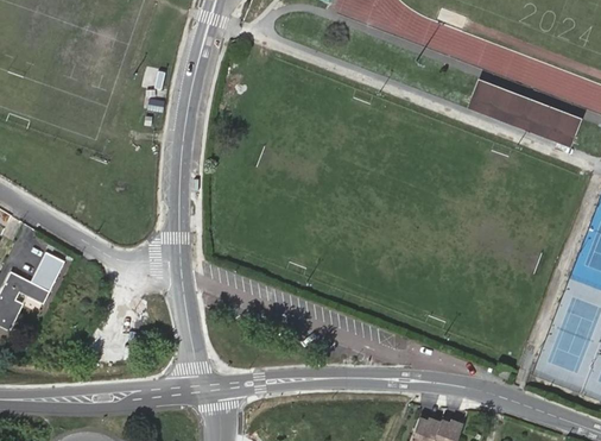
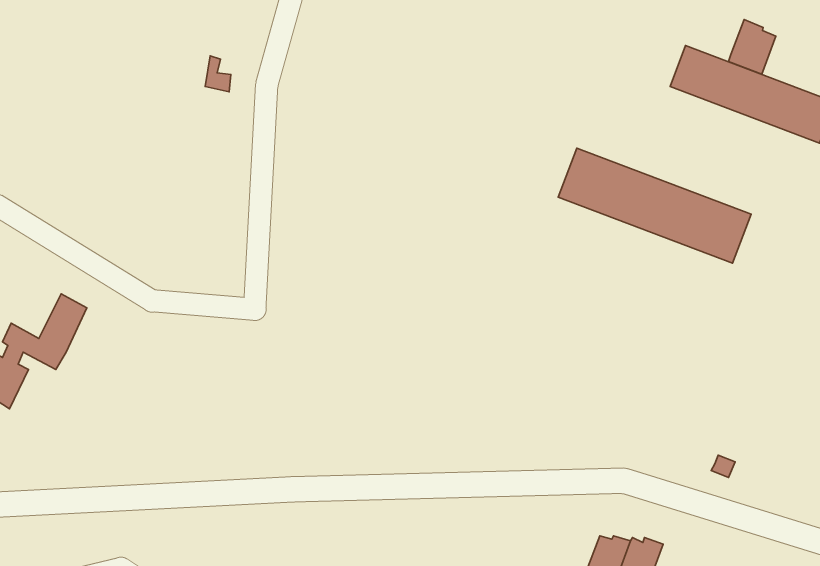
building: none -> [729,19,776,74]
building: none -> [558,148,751,263]

